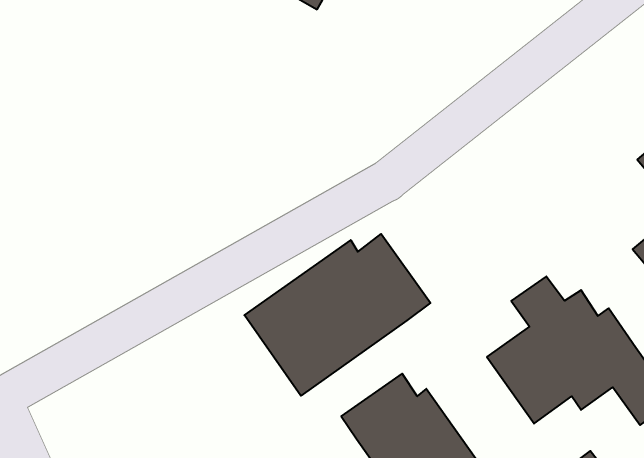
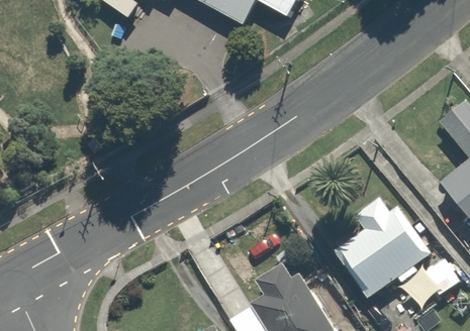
building: [244,234,430,396] -> none

